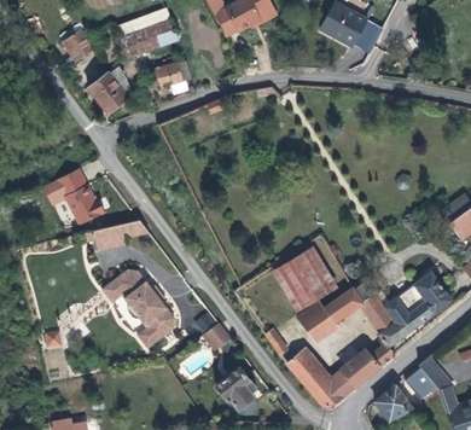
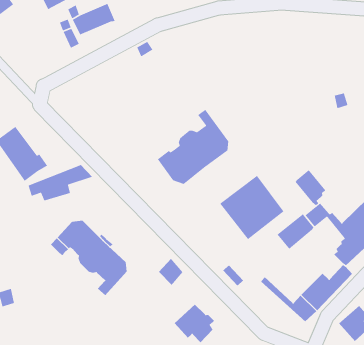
building: [88,69,124,107] -> none
building: none -> [157,109,229,185]
building: [361,296,391,333] -> [295,169,326,206]
building: [301,302,339,343] -> none
building: [289,351,343,406] -> none

